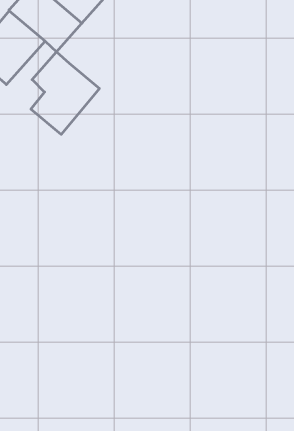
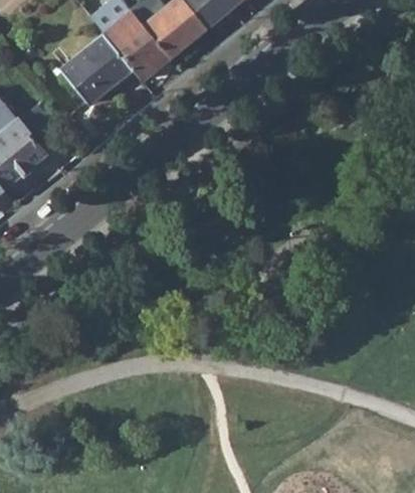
building: [31,52,99,134] -> none

